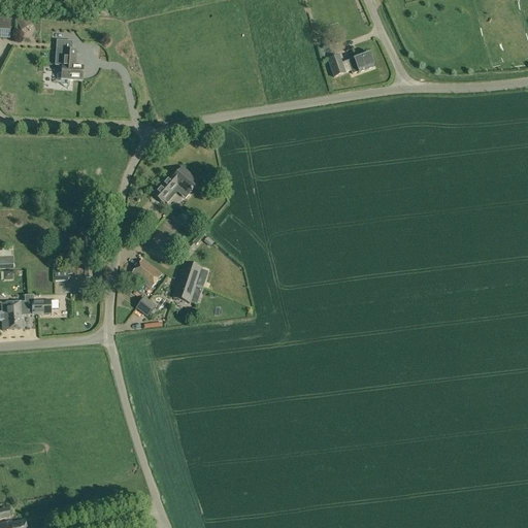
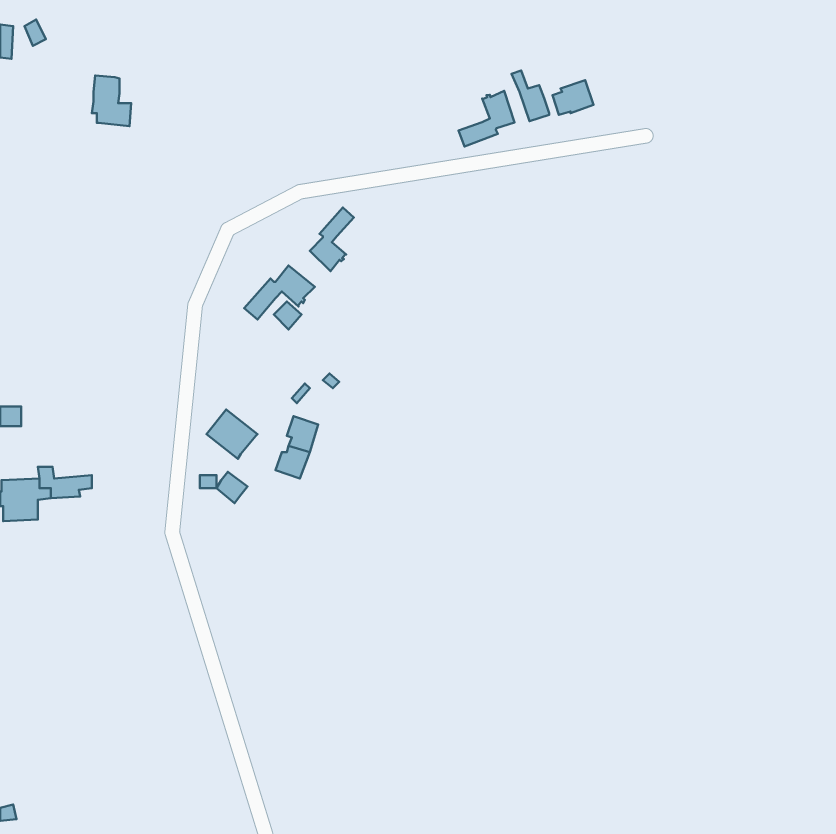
building: none -> [458,91,515,147]
building: none -> [310,208,354,271]

